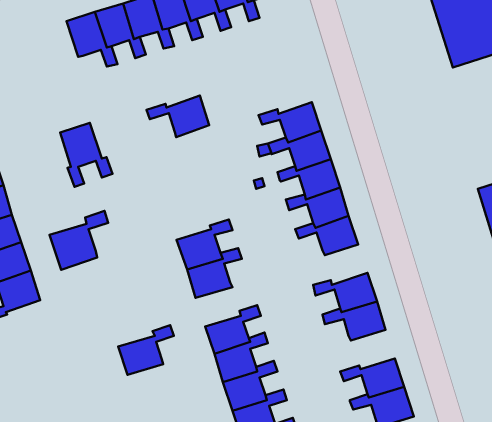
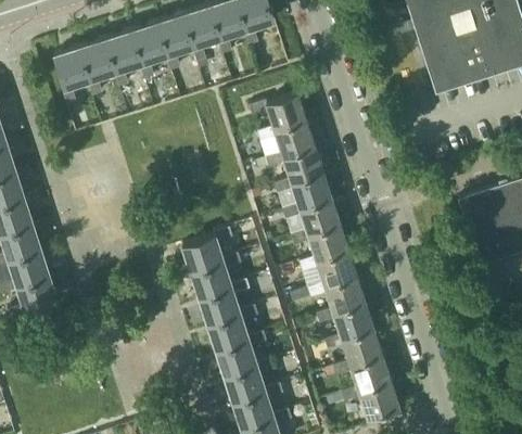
building: [146,96,209,137] -> [249,95,306,133]
building: [60,123,112,187] -> [54,49,102,107]
building: [50,211,108,270] -> none
building: none -> [298,253,357,290]
building: [118,325,174,375] -> [200,282,251,328]
building: none -> [323,331,382,367]

